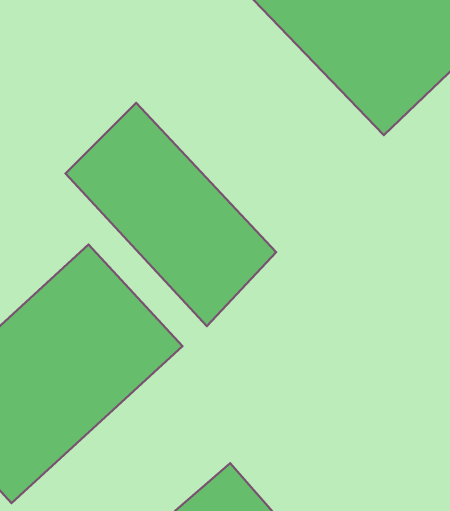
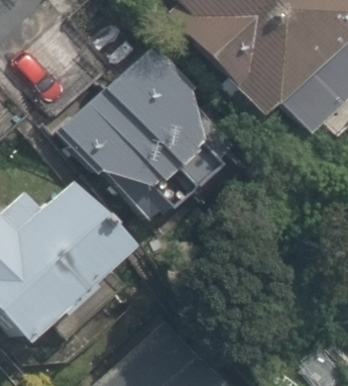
building: none -> [110,44,244,182]

